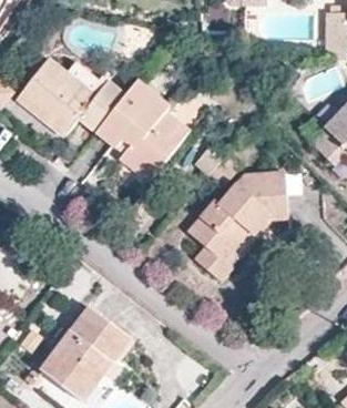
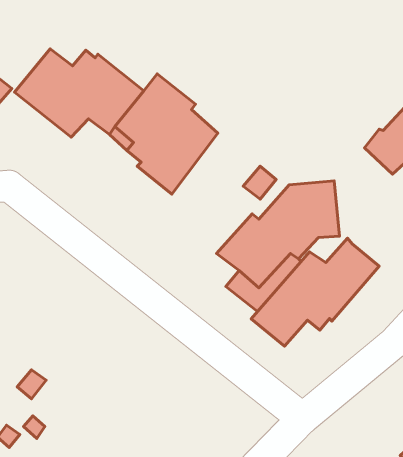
building: none -> [251,238,379,346]
building: [40,309,127,394] -> none

